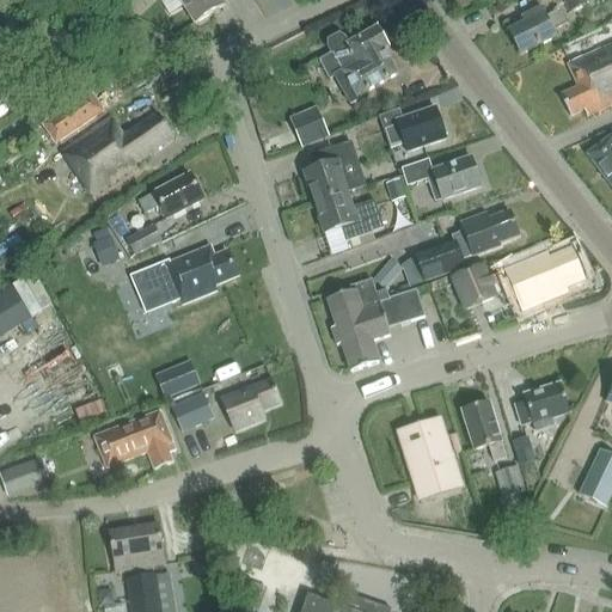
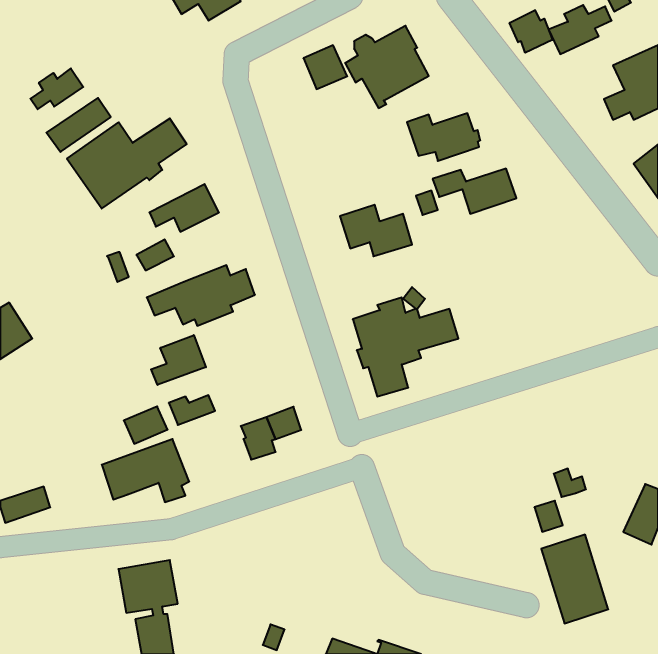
building: none -> [510,10,553,53]
building: none -> [30,68,83,109]
building: [289,105,330,146] -> [303,45,347,89]
building: [306,140,366,201] -> none
building: [416,208,519,280] -> none
building: [454,247,583,308] -> none
building: none -> [151,335,206,385]
building: [515,381,569,429] -> none
building: [172,393,213,428] -> [124,406,168,444]
building: [463,400,506,459] -> none
building: [398,416,460,498] -> [541,535,608,623]

